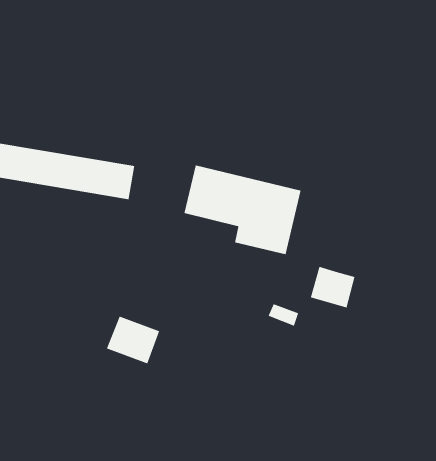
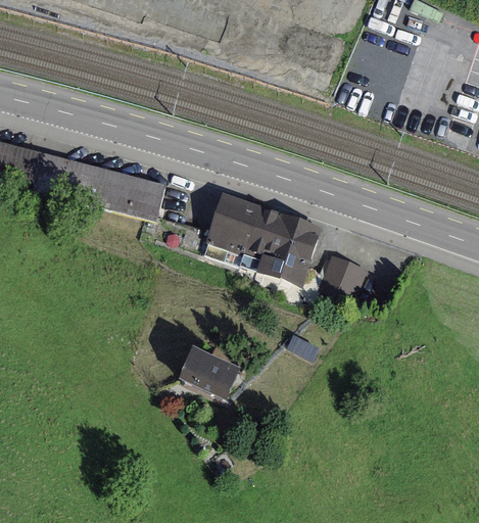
building: [310,266,355,309] -> [315,255,362,300]
building: [106,315,160,364] -> [177,346,232,397]

